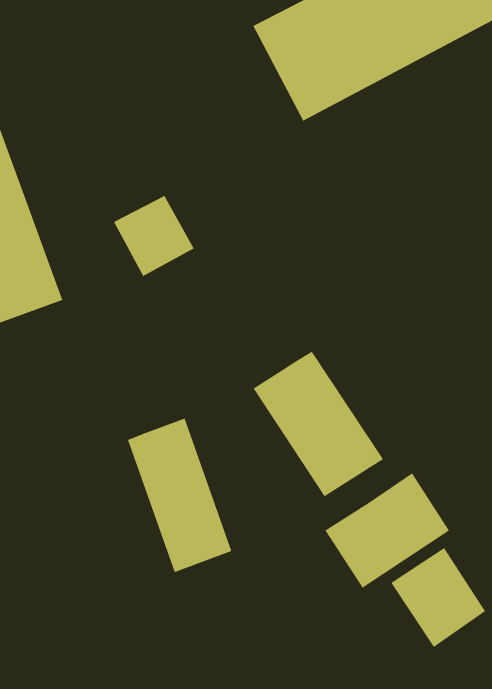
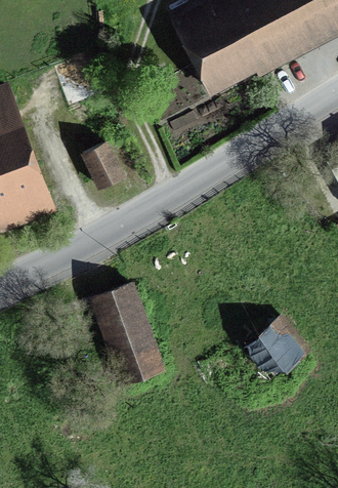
building: [253,351,384,497] -> none
building: [391,547,486,648] -> none

